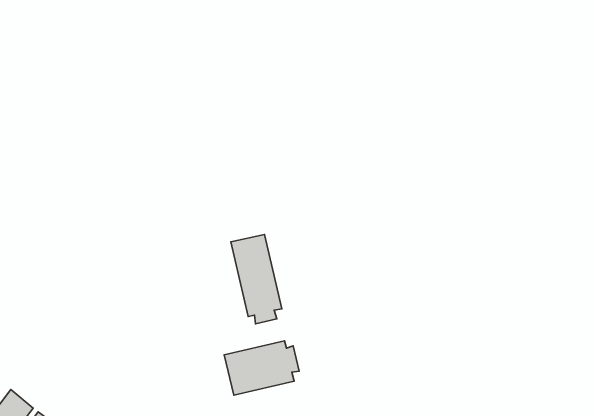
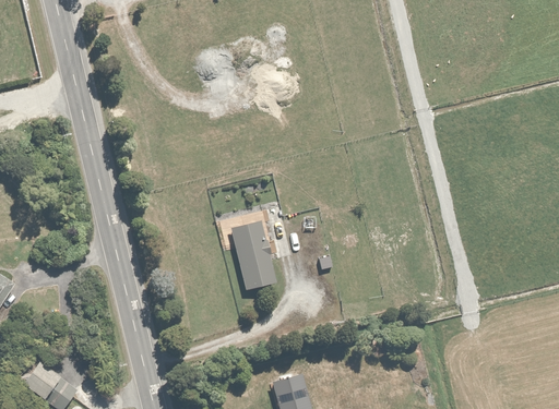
building: [224,341,299,395] -> none

